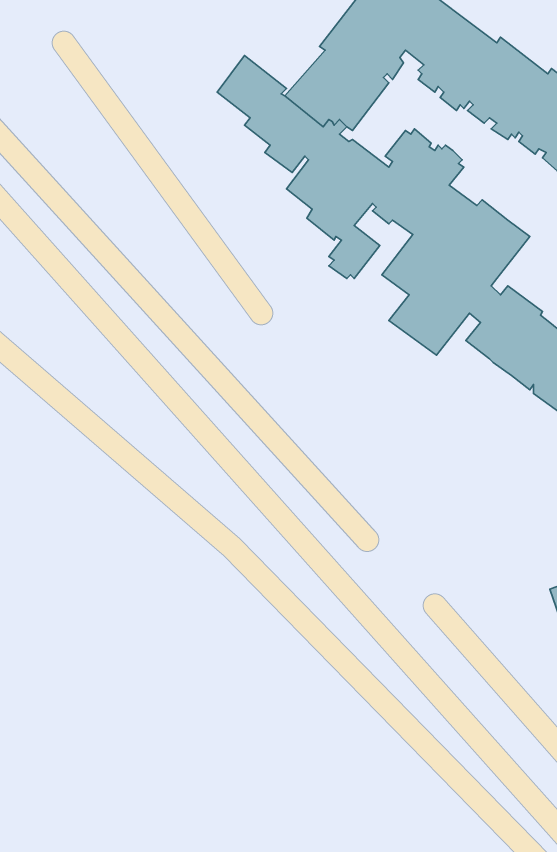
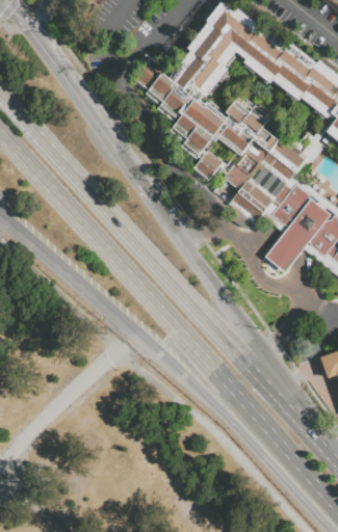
building: none -> [265,228,308,272]

